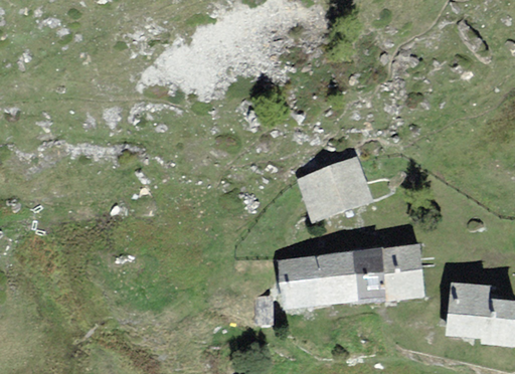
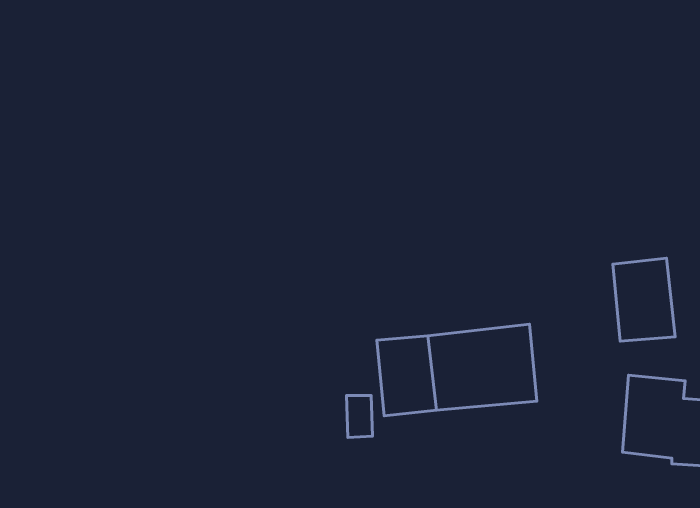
building: [297,155,373,222] -> none
building: [382,242,425,300] -> [613,258,675,341]

